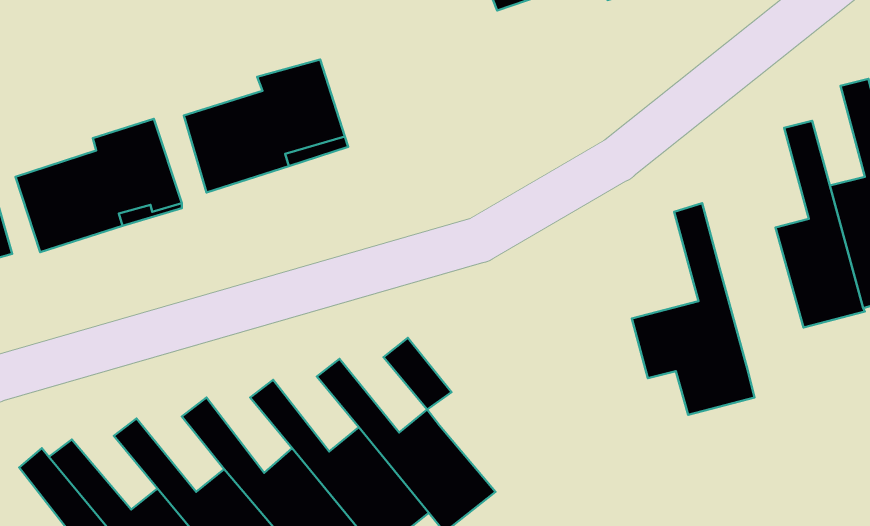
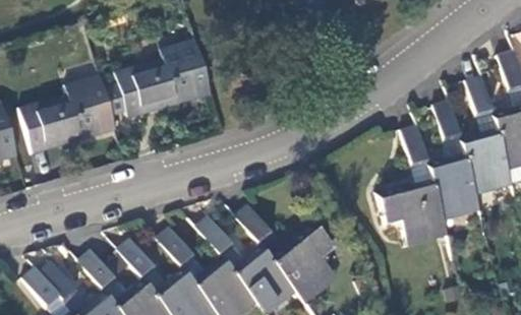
building: none -> [428,100,481,219]
building: none -> [266,216,337,300]

